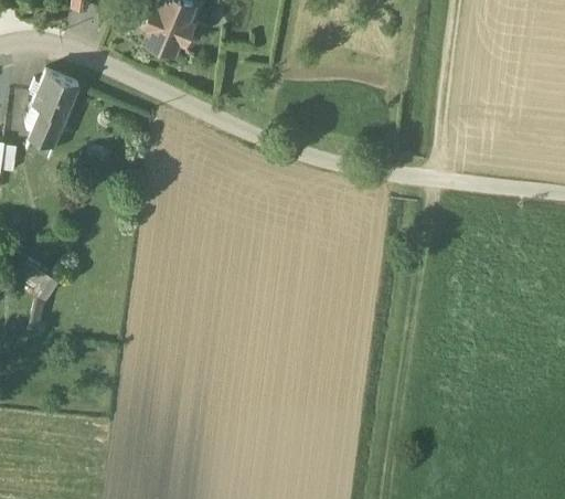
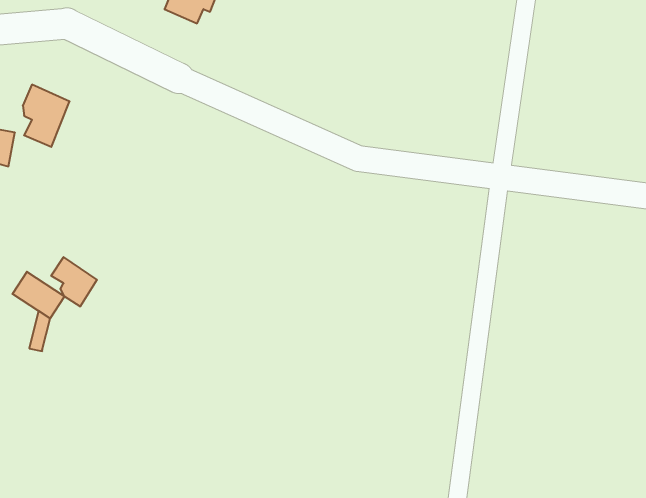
building: [33,71,79,117] -> none
building: none -> [51,257,97,307]

